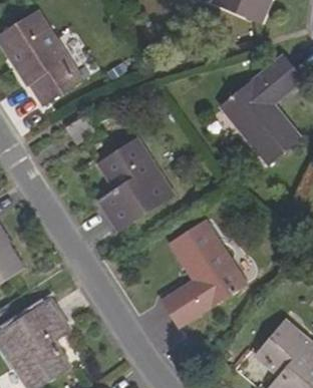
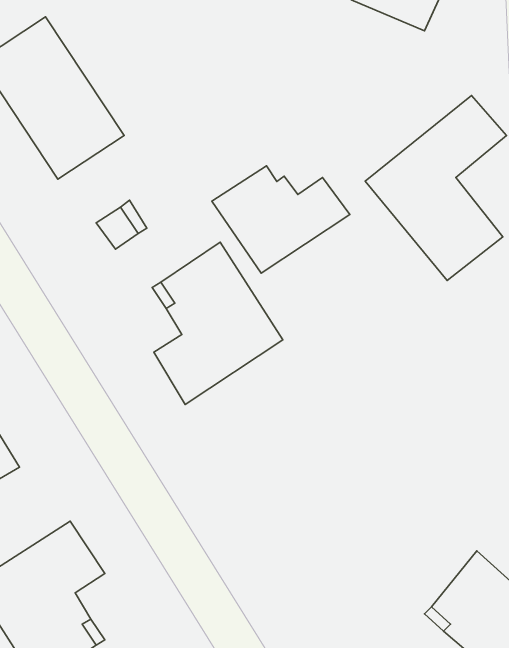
building: none -> [212,166,350,273]
building: [162,223,246,328] -> none

